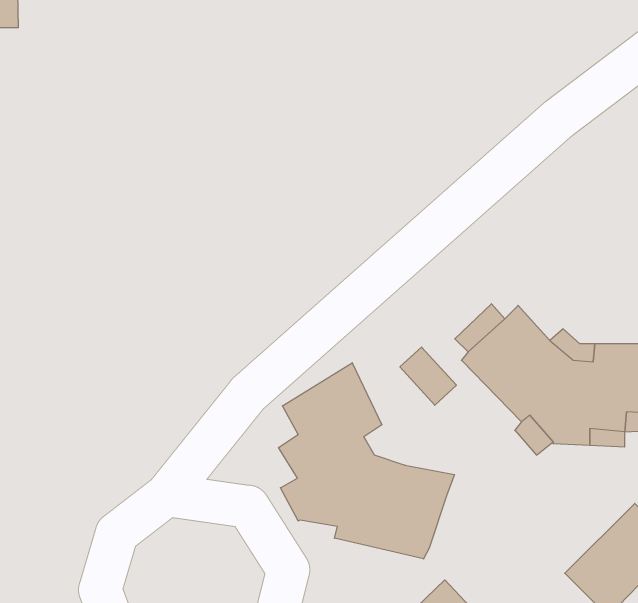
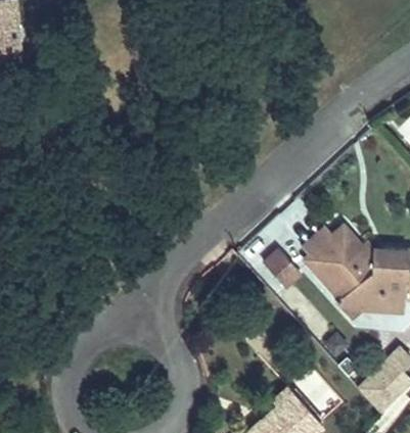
building: [279,363,455,559] -> none

